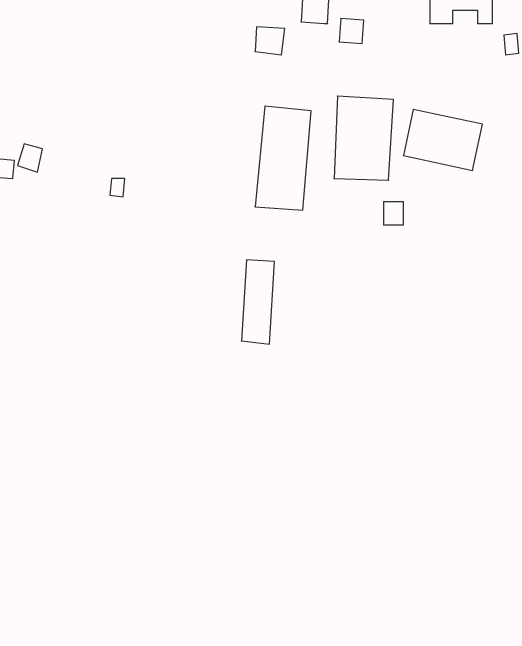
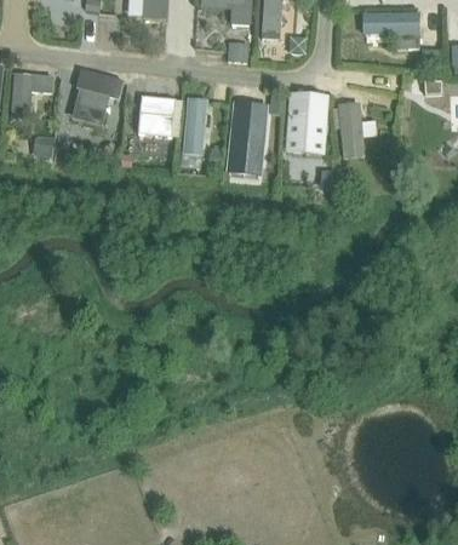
building: none -> [75,68,124,121]
building: none -> [136,96,174,136]
building: [241,260,274,344] -> [183,103,207,165]

